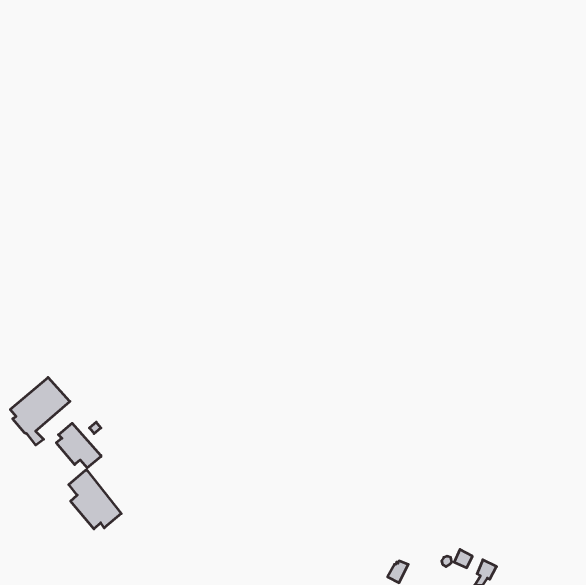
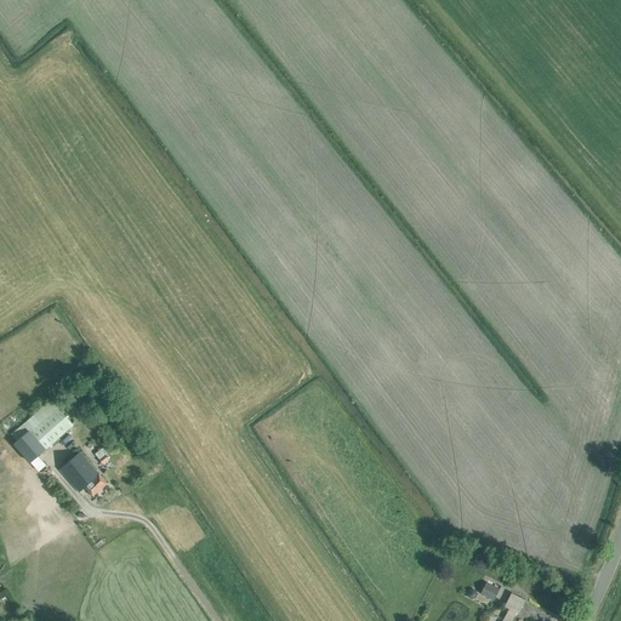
building: [69,470,121,529] -> none

